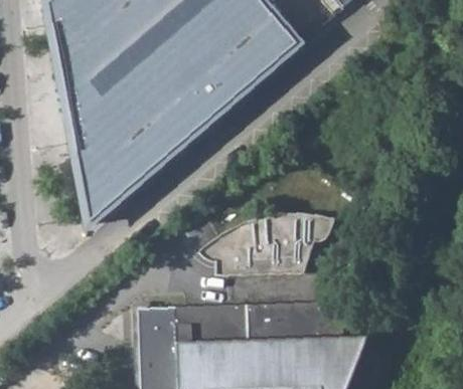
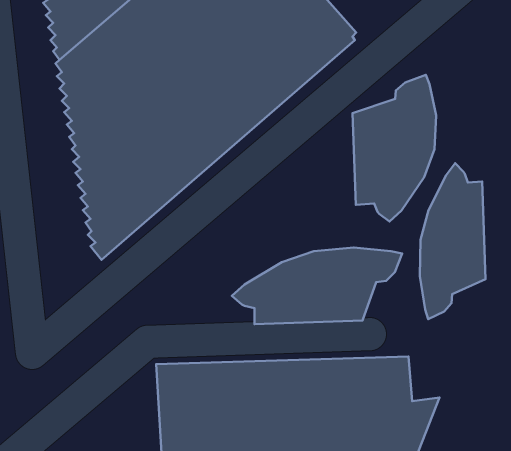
building: none -> [353,75,436,222]
building: none -> [420,163,485,319]

